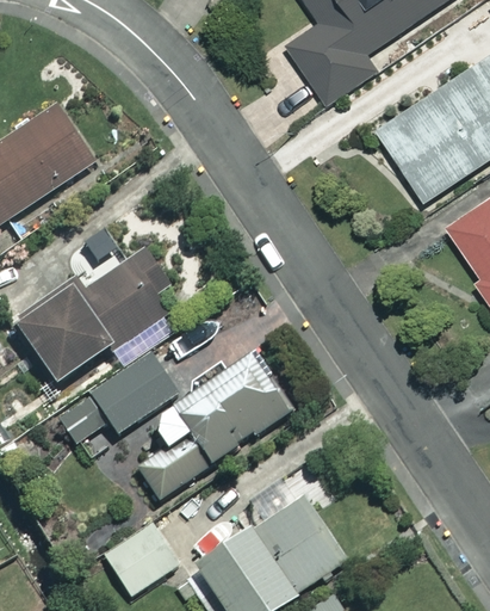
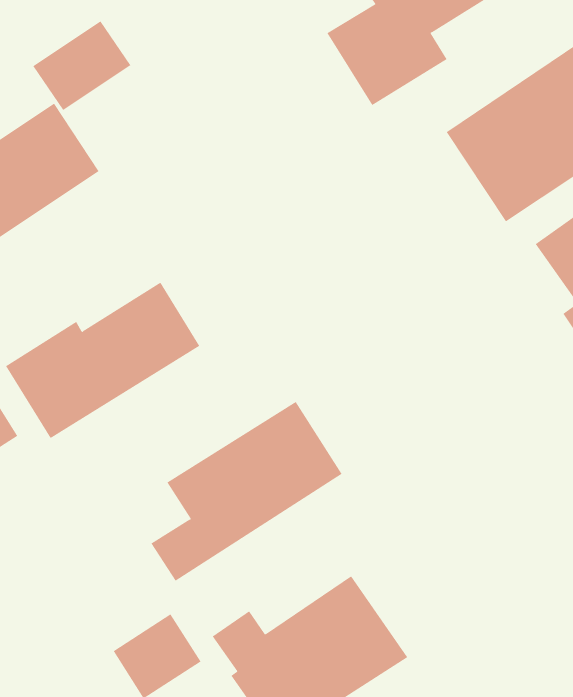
building: none -> [32,21,131,111]
building: [55,354,176,446] -> none

